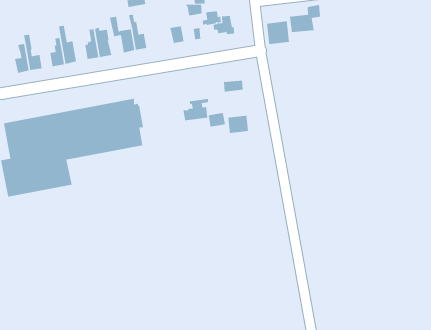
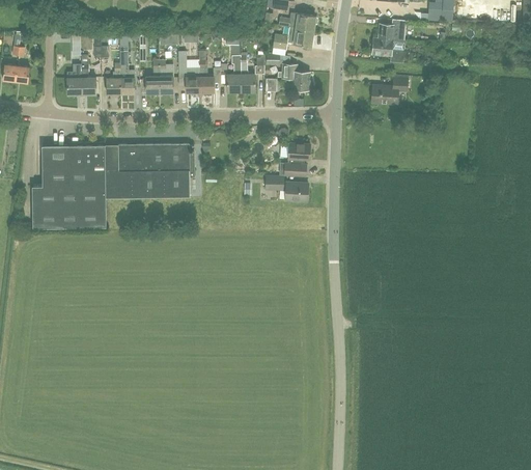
building: none -> [226,54,242,91]
building: [266,20,290,45] -> none
building: [183,99,209,121] -> [279,154,309,175]

